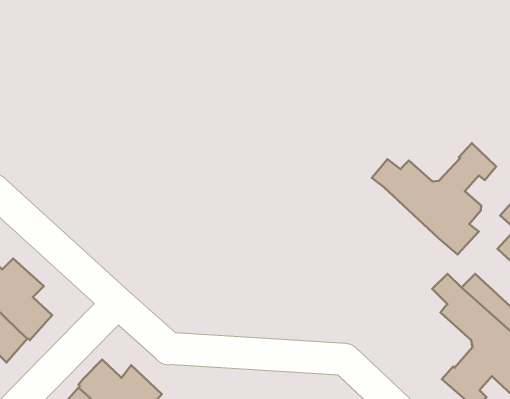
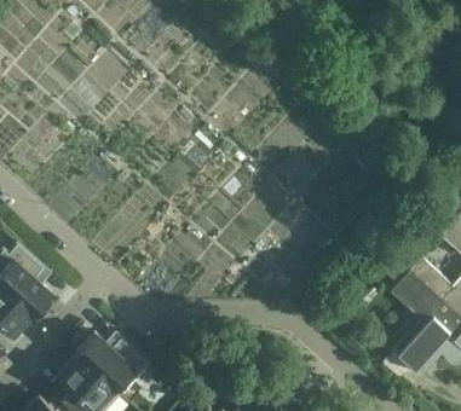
building: [372,143,496,254] -> none

